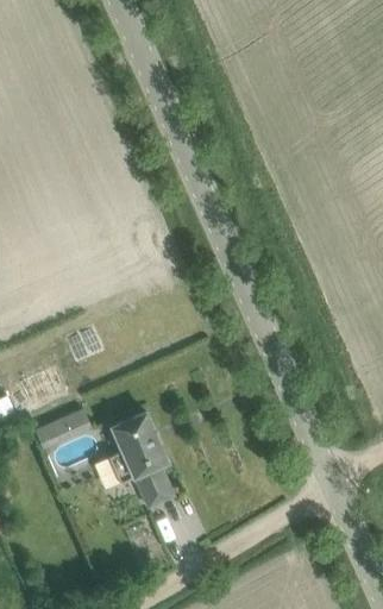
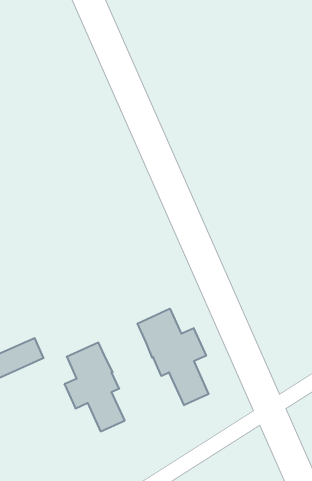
building: none -> [138,309,209,405]

